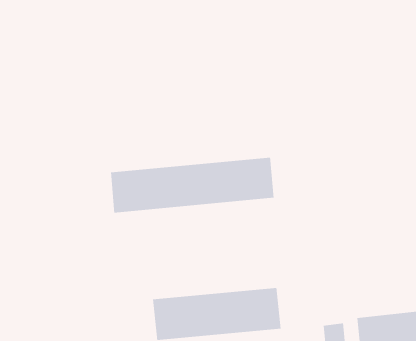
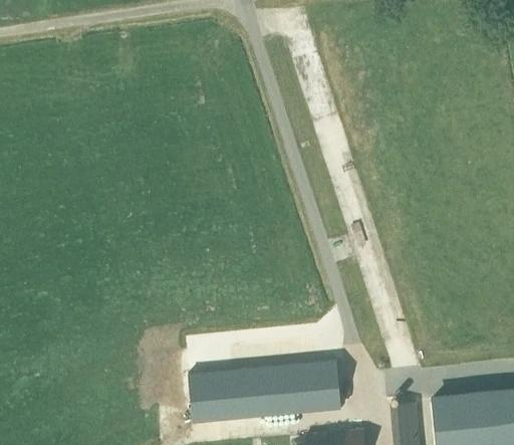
building: [110,157,274,213] -> none

